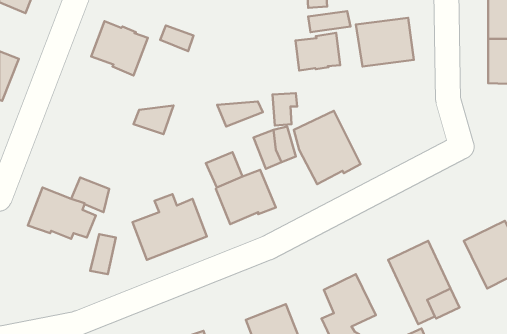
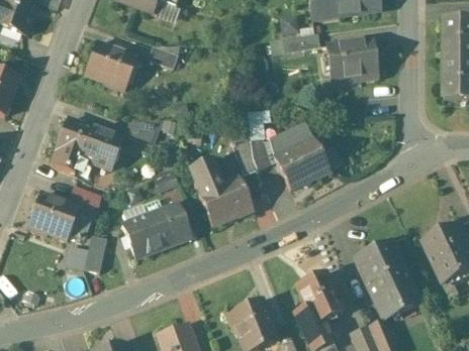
building: [295,33,340,70] -> none
building: [217,101,263,126] -> none
building: none -> [51,118,120,174]

